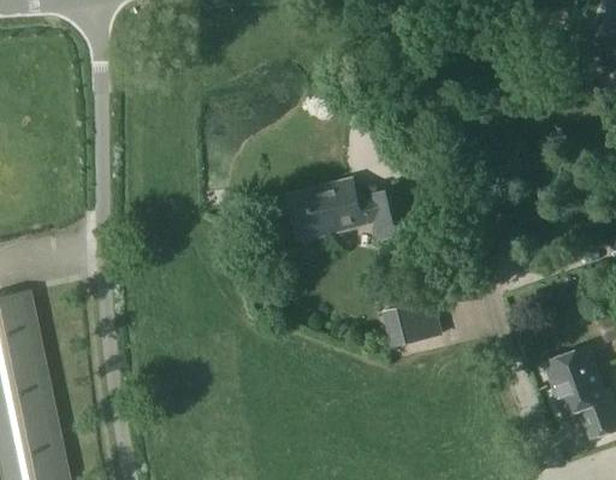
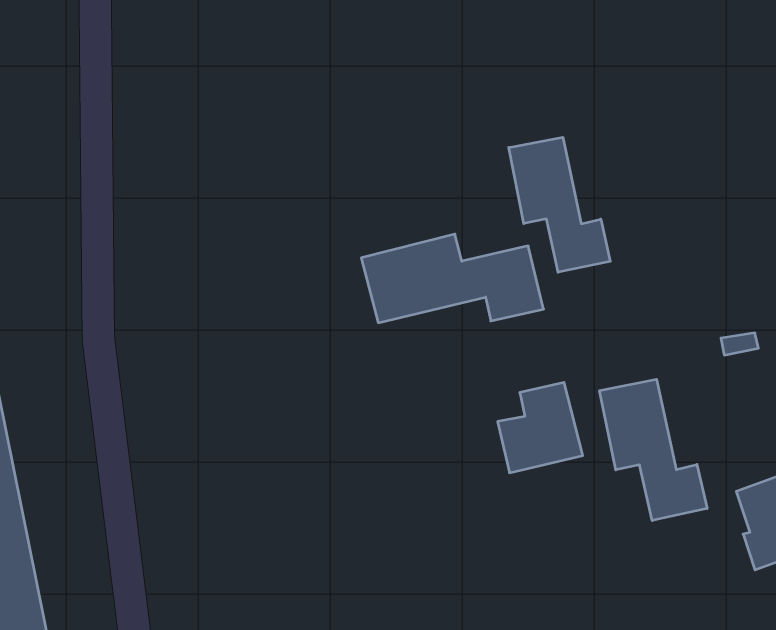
building: none -> [509,137,610,272]
building: none -> [600,379,707,521]

